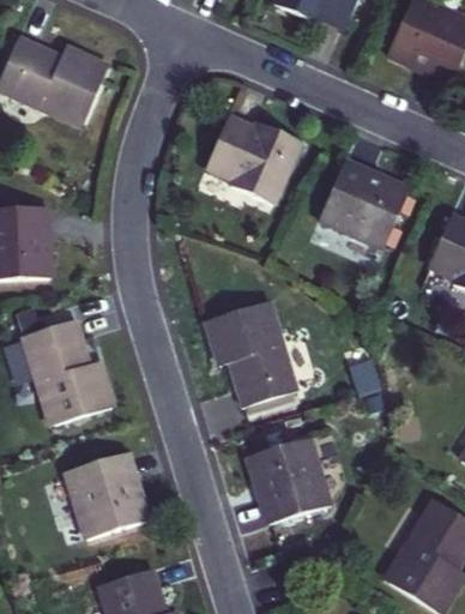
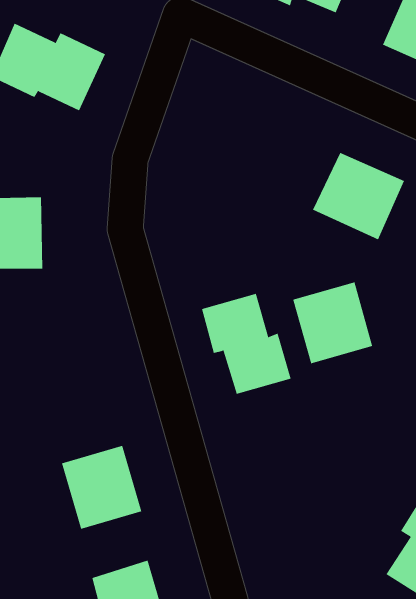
building: [206,120,300,205] -> none
building: none -> [293,281,373,364]
building: [22,321,113,425] -> none
building: [250,438,331,520] -> none

